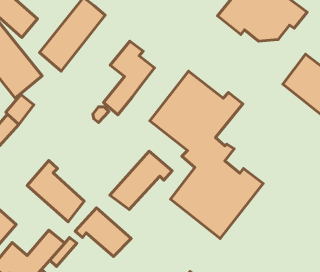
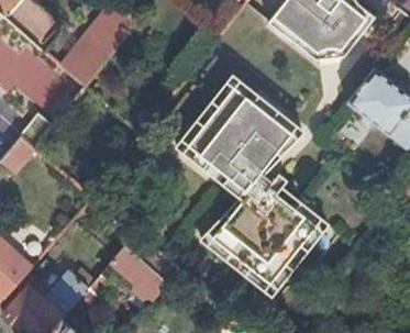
building: [103,41,155,115] -> none
building: [110,151,172,210] -> none
building: [27,161,84,222] -> none

